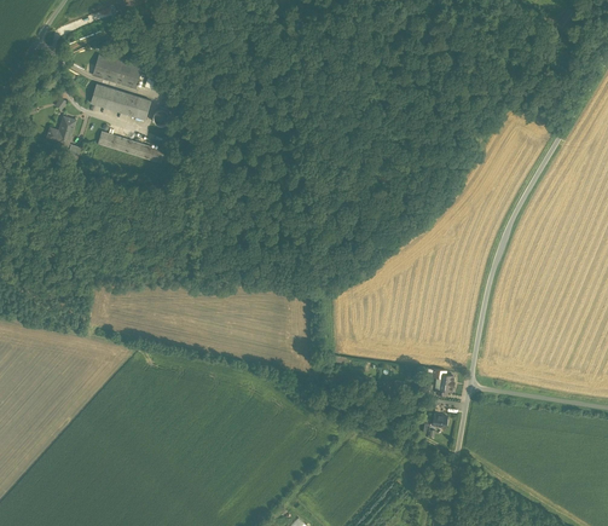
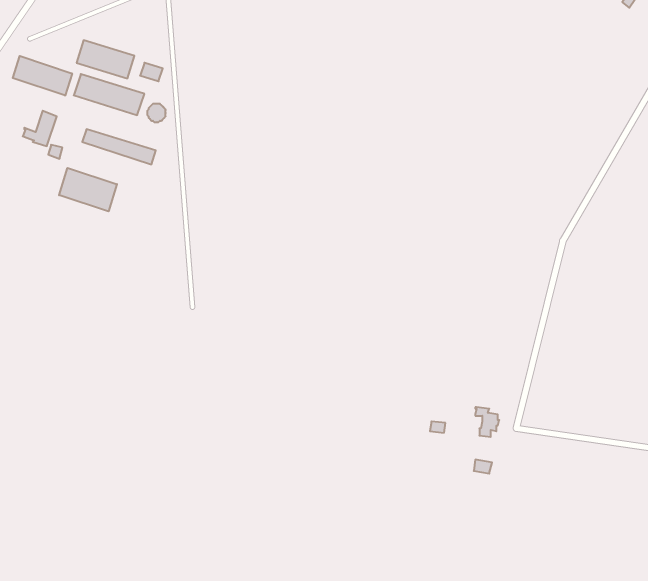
building: none -> [13,56,72,96]
building: none -> [59,168,117,211]

